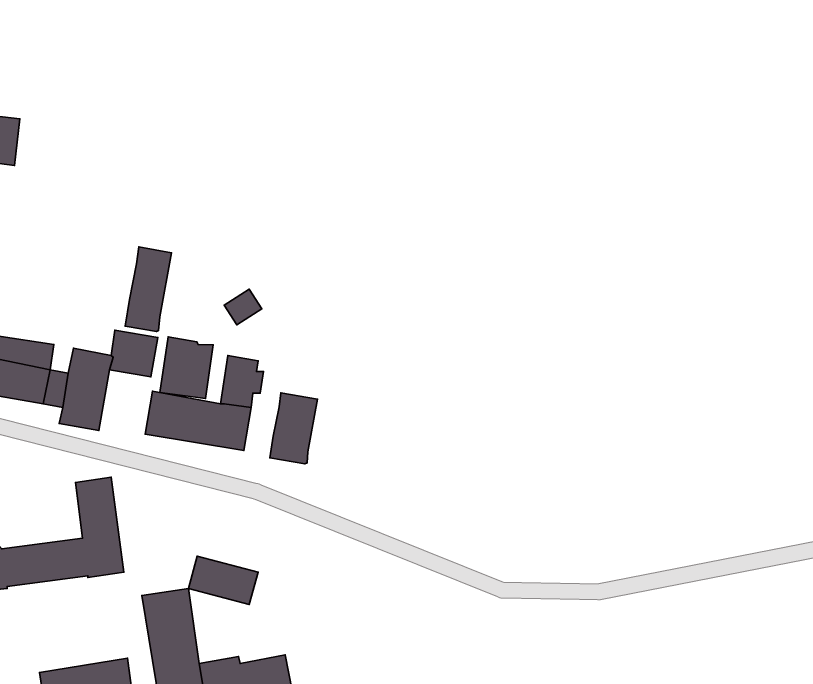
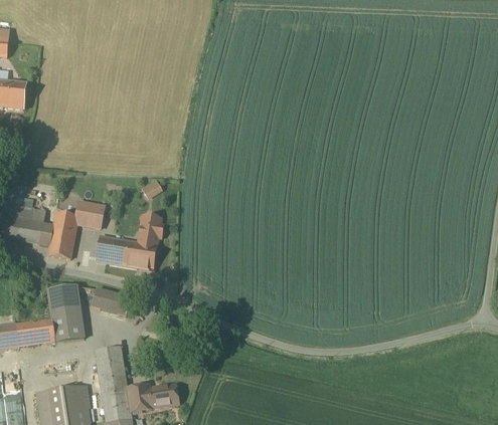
building: [125,247,171,332] -> none
building: [160,337,213,399] -> none
building: [270,393,317,464] -> none
building: [188,556,258,605] -> [92,287,131,314]

